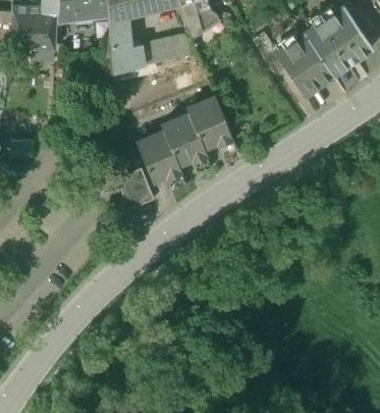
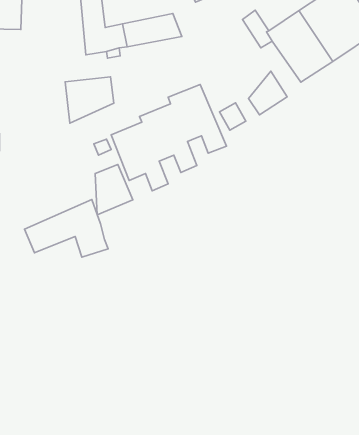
building: none -> [249,71,287,115]
building: none -> [65,77,114,123]
building: none -> [25,199,108,257]

